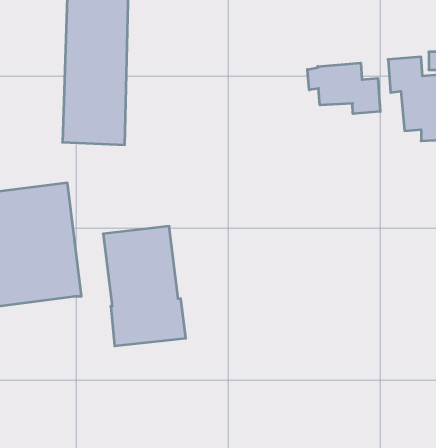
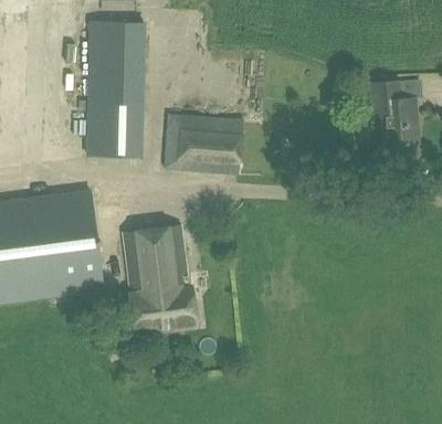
building: [307,63,380,114] -> none
building: none -> [165,114,242,173]

